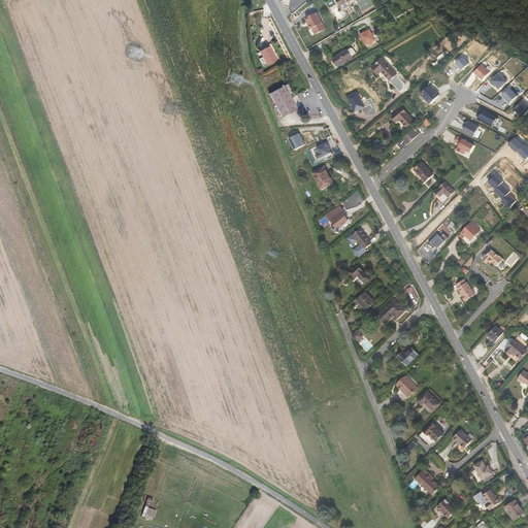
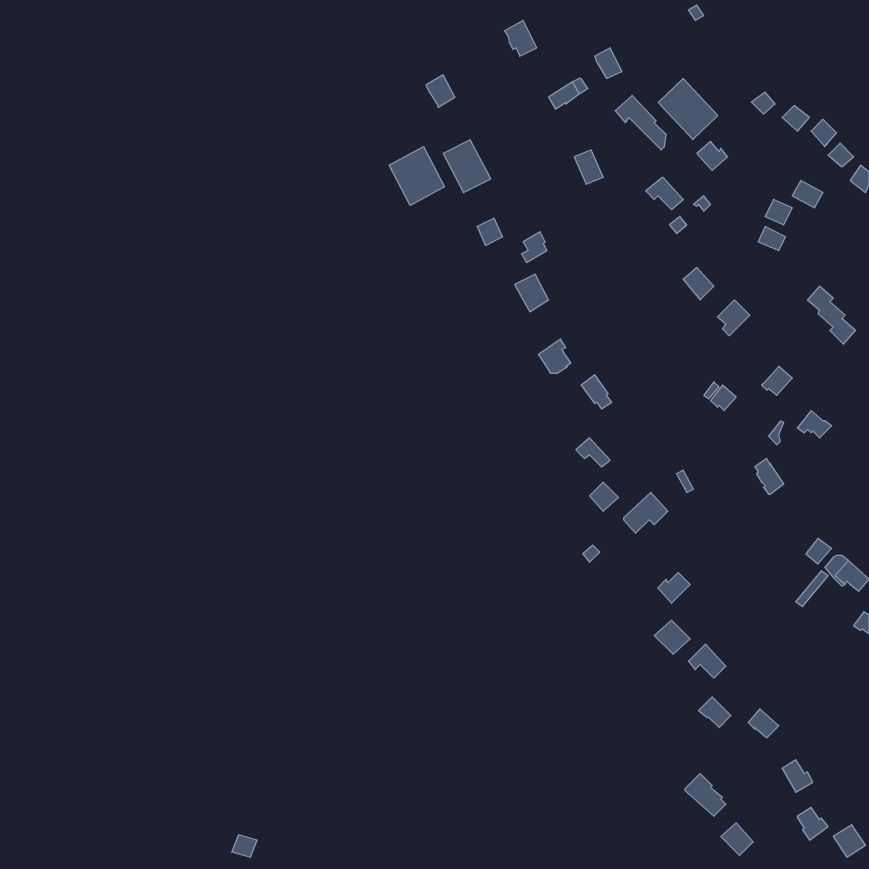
building: none -> [658,79,718,140]
building: none -> [389,147,444,205]

